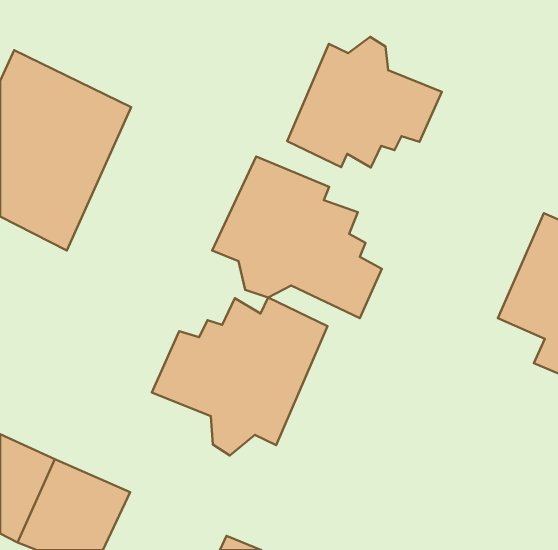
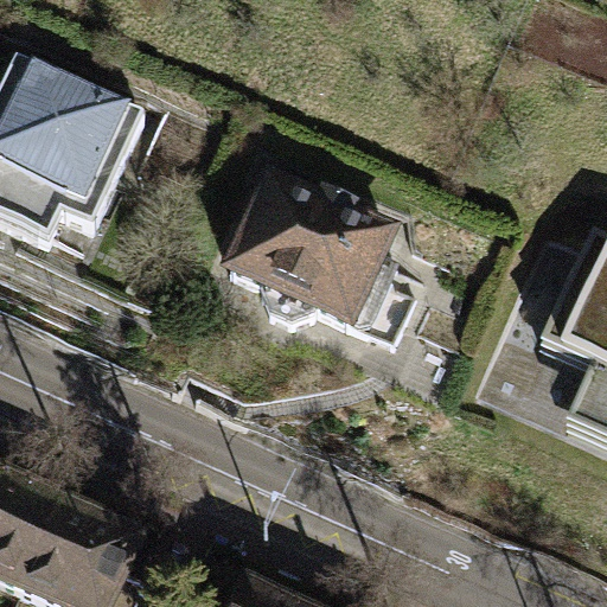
building: [287,37,442,167] -> none
building: [152,297,328,455] -> none

